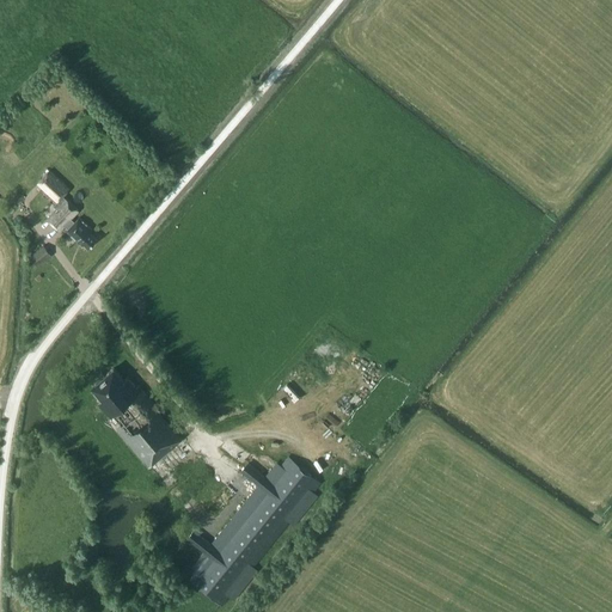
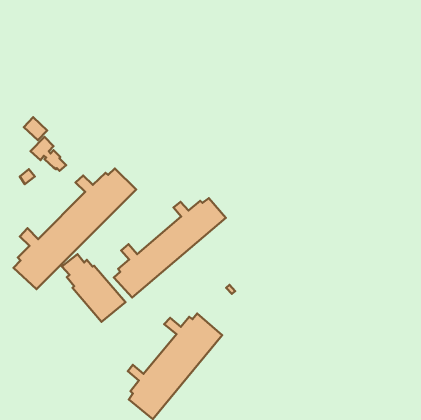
building: none -> [14,169,136,289]
building: none -> [114,198,226,298]

